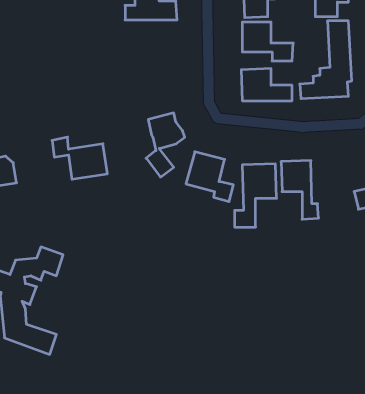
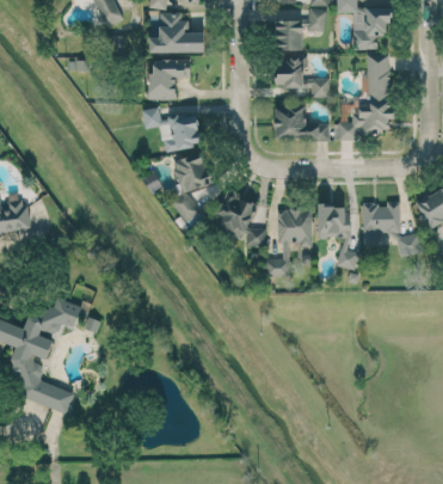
building: none -> [149,59,190,99]
building: [52,137,107,179] -> [142,106,202,152]
building: none -> [362,201,400,244]

